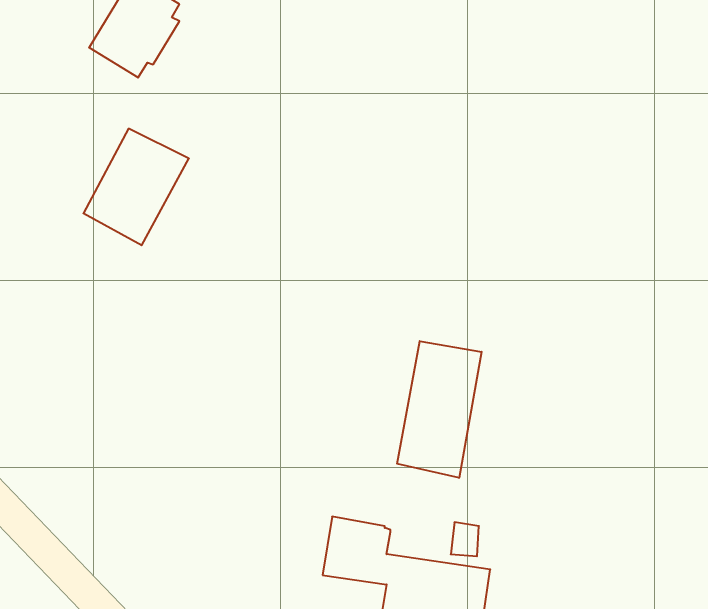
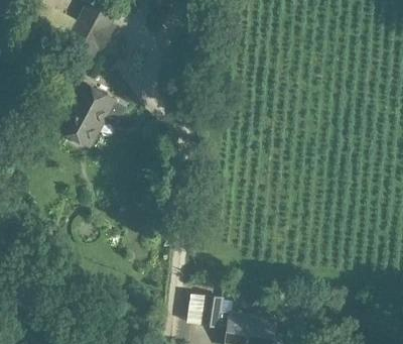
building: [397,341,482,478] -> none

